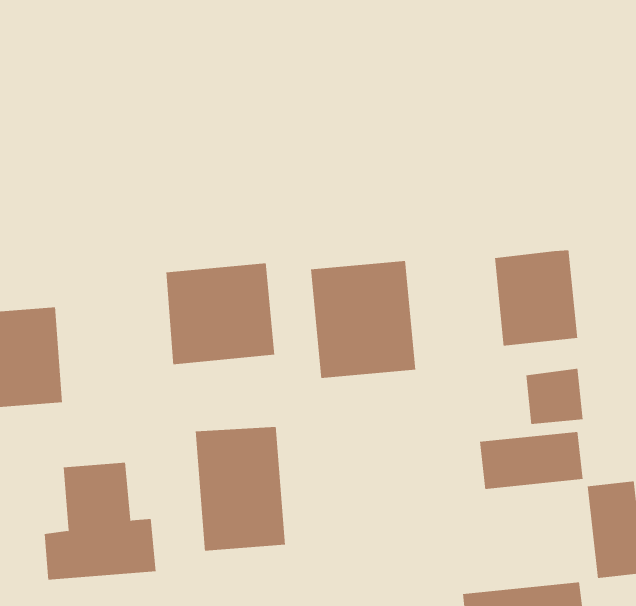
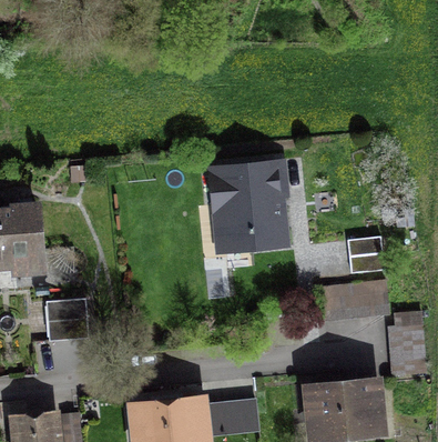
building: [494,249,578,346] -> none
building: [166,262,275,365] -> none
building: [195,426,285,551] -> none

